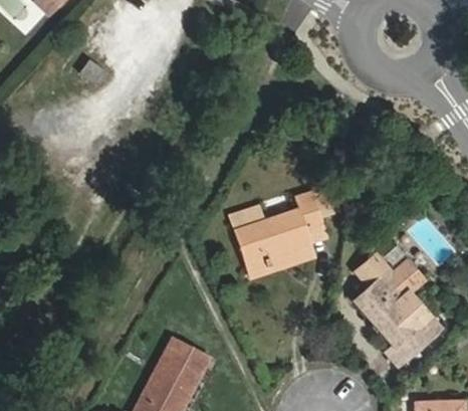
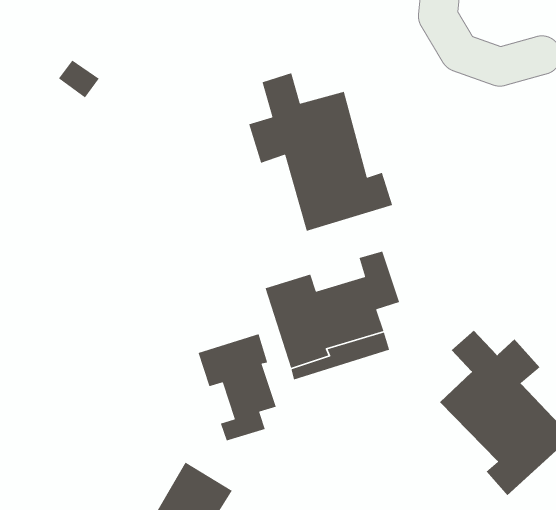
building: none -> [248,72,393,232]
building: none -> [198,333,277,442]

